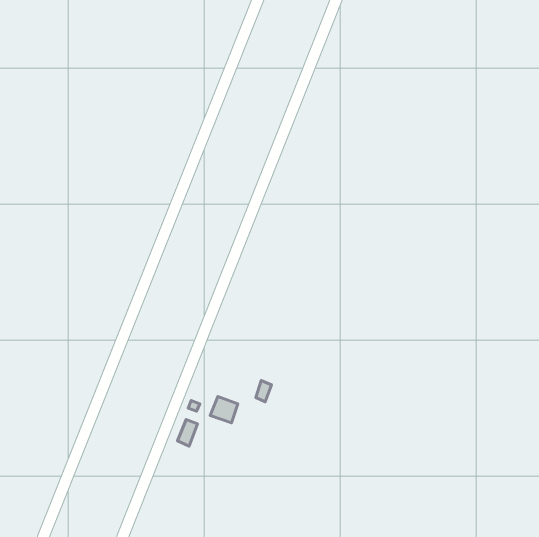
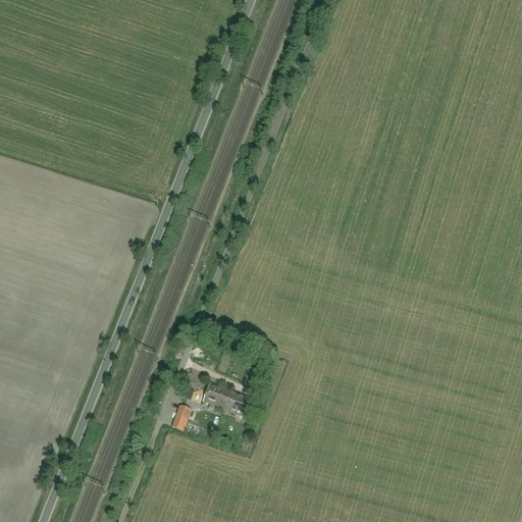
building: none -> [223,389,250,416]

